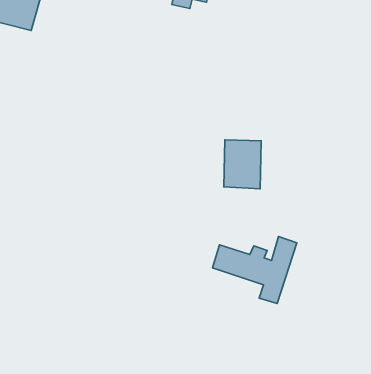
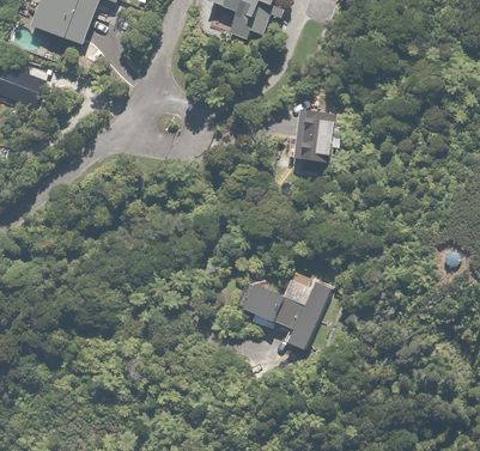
building: [224,140,261,189] -> [291,108,334,161]

